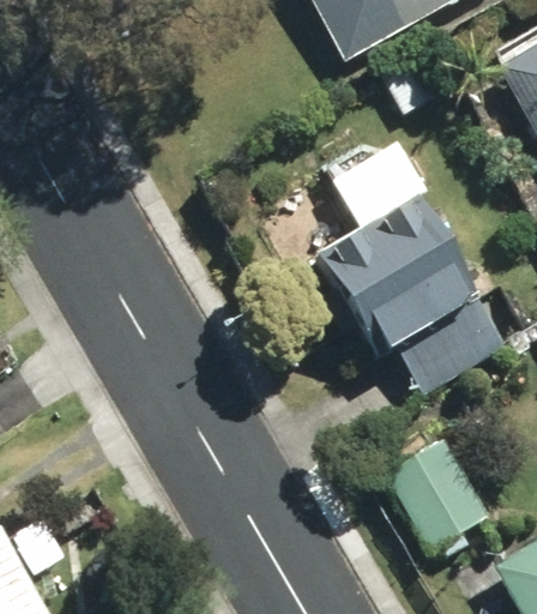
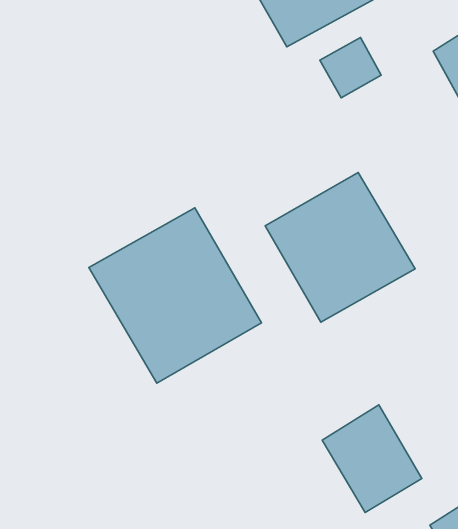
building: none -> [89,208,262,383]

